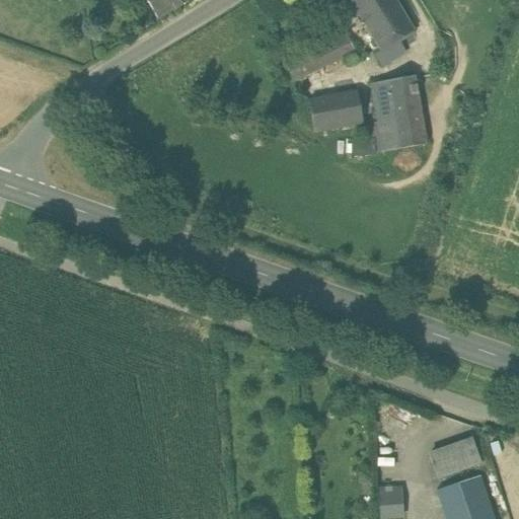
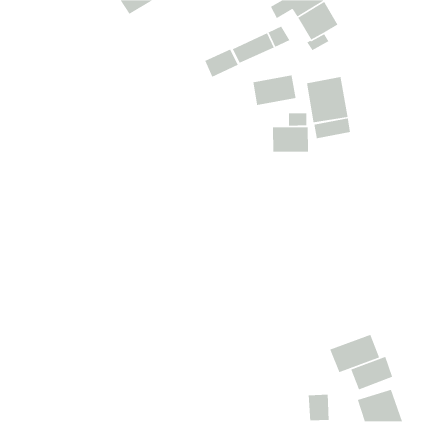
building: none -> [204,48,239,78]
building: [372,75,418,101] -> [314,118,351,139]
building: none -> [272,127,309,153]
building: none -> [329,334,380,373]

